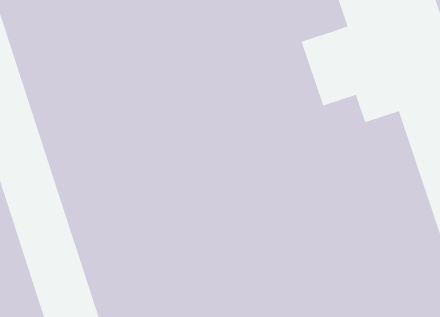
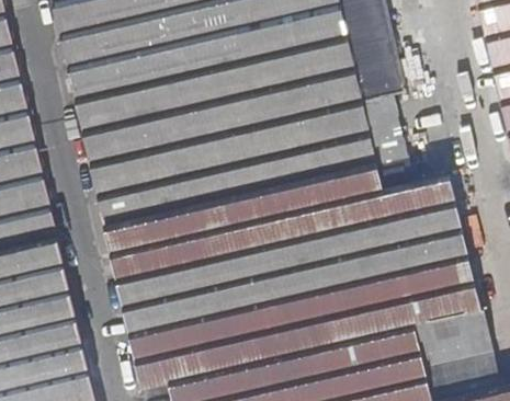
building: none -> [358,94,406,165]

